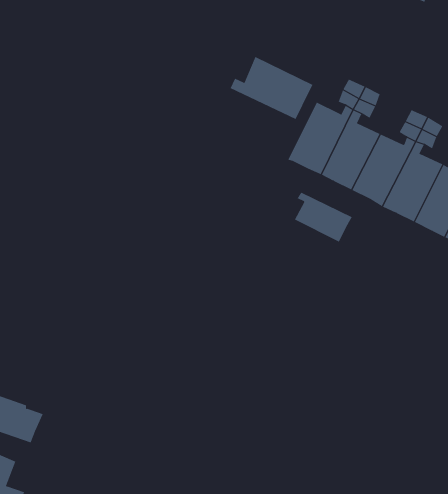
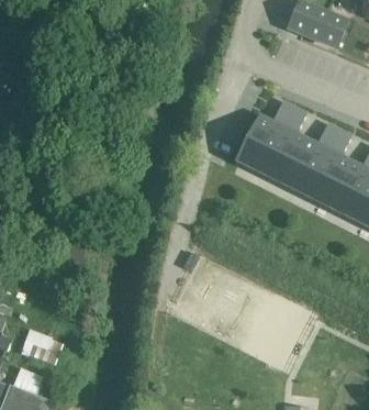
building: [230,56,313,120] -> none
building: [294,192,352,242] -> none

